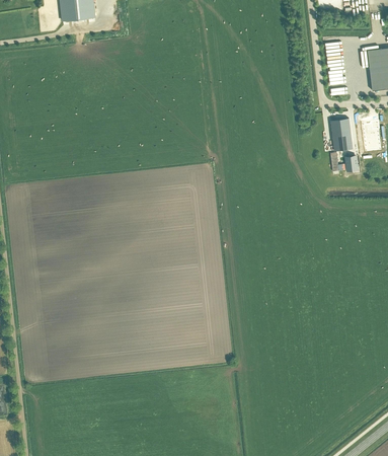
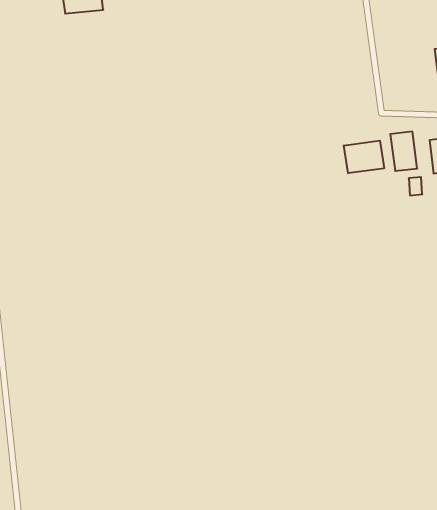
building: none -> [344,141,384,173]

